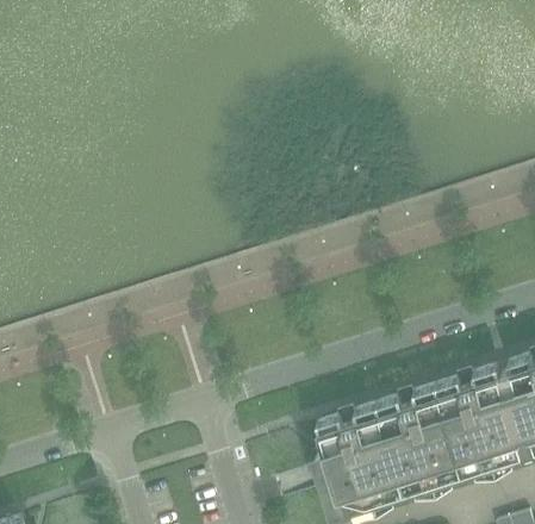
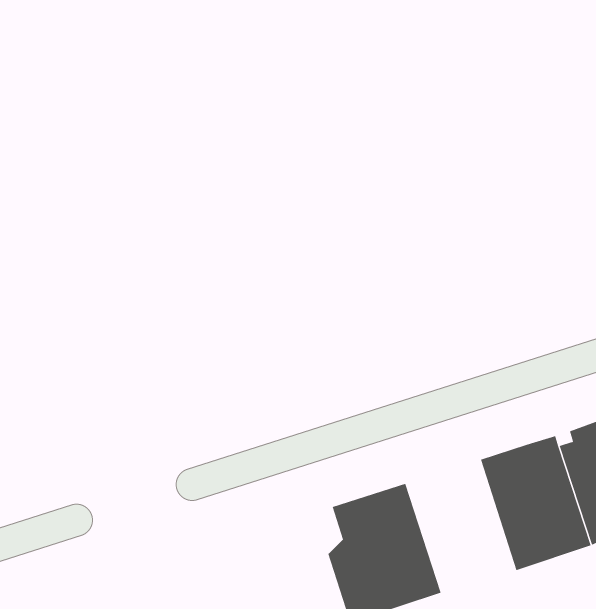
building: [378,383,466,491] -> none

